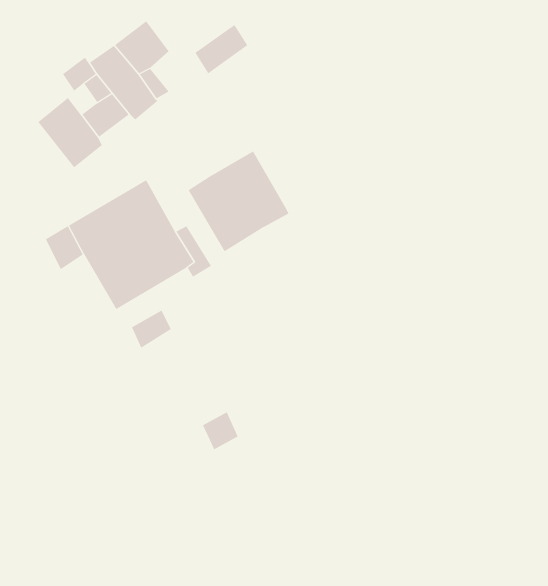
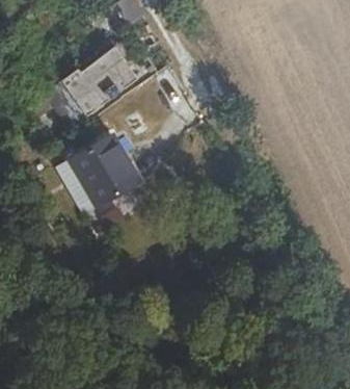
building: [188,150,289,252] -> none

